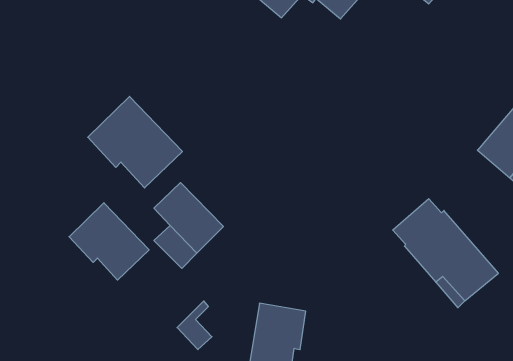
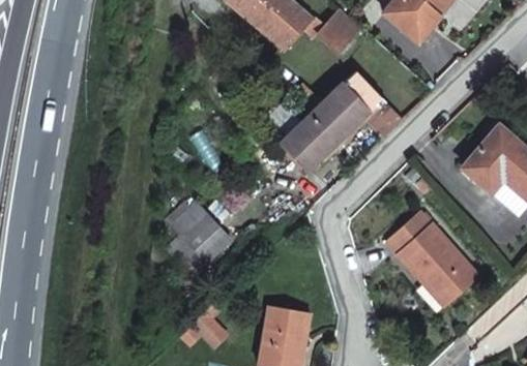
building: none -> [285,69,406,166]
building: [88,96,182,188] -> none
building: [69,203,149,280] -> none

